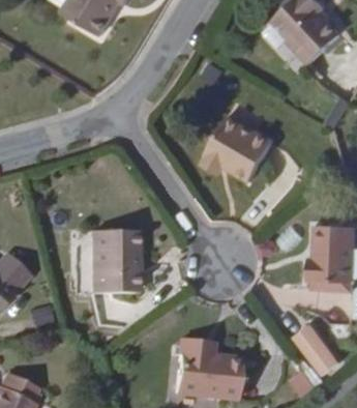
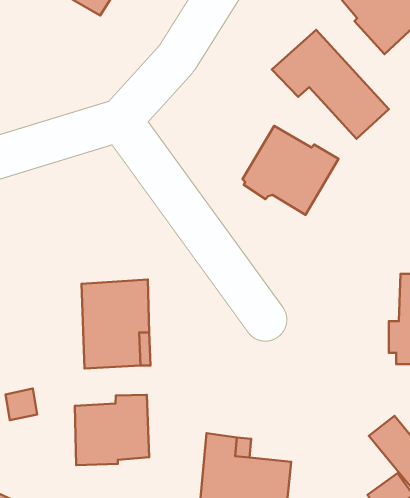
building: none -> [272,30,389,139]
building: none -> [75,395,149,465]

